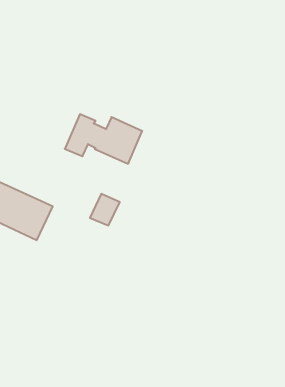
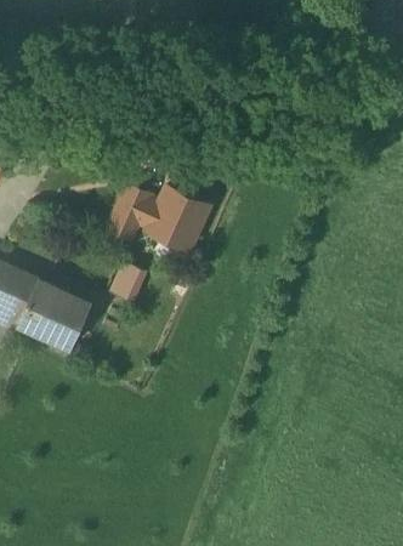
building: [90,194,120,225] -> [107,262,146,303]

